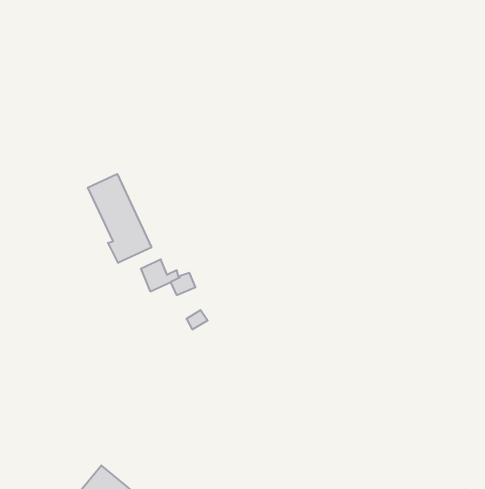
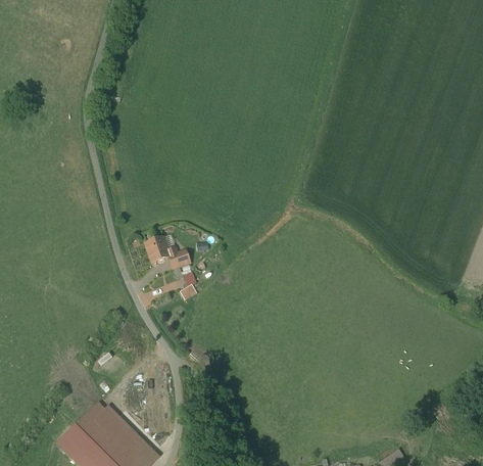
building: [88,174,151,263] -> none

